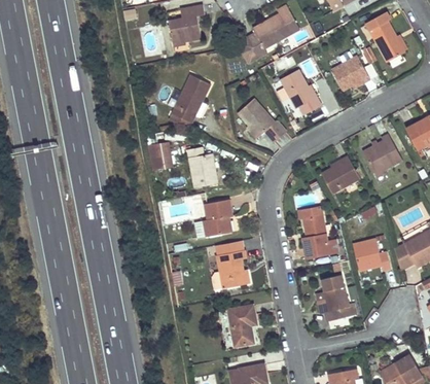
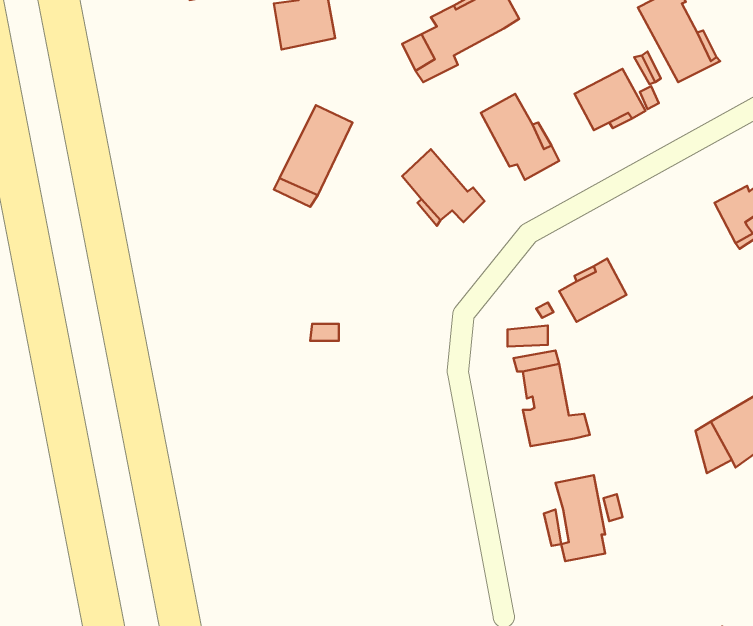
building: [363,134,403,175] -> none
building: [148,141,173,170] -> none
building: [187,147,218,187] -> none
building: [205,200,231,236] -> none
building: [352,240,390,271] -> none
building: [208,250,249,290] -> none
building: [227,304,256,345] -> none

